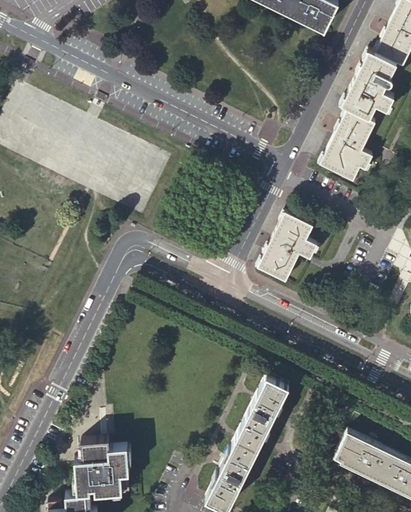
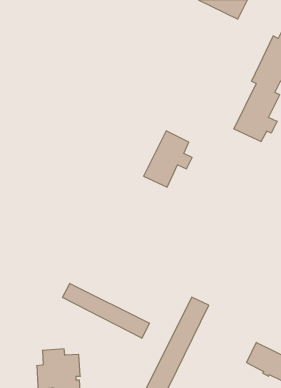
building: [257,213,317,283] -> [144,131,192,187]
building: none -> [63,283,149,338]

